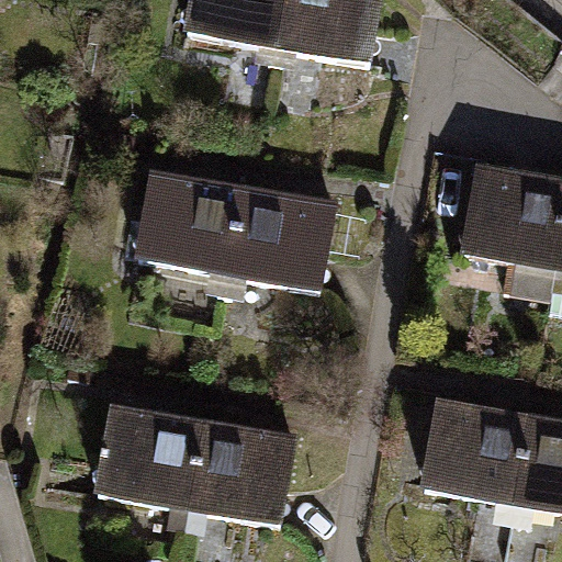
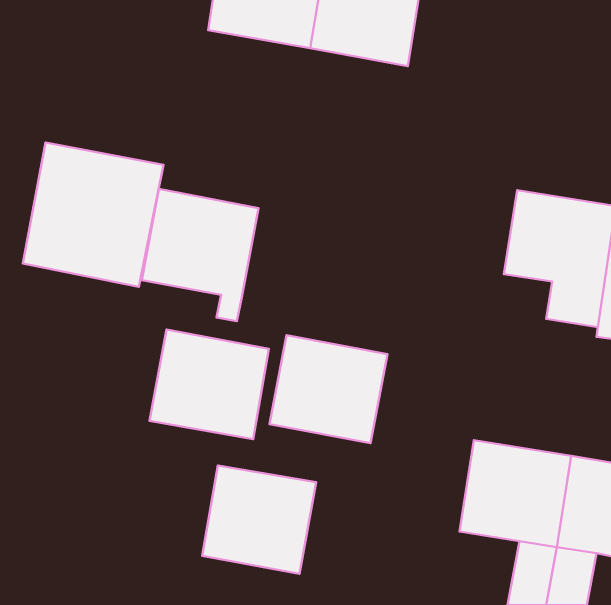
building: none -> [23,143,164,287]
building: [224,190,331,289] -> [270,335,387,443]
building: [93,407,202,507] -> [150,330,269,439]

